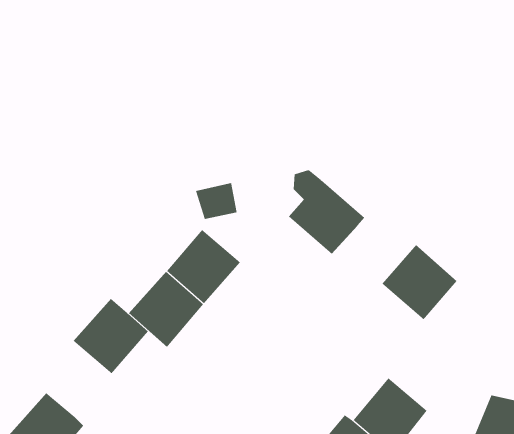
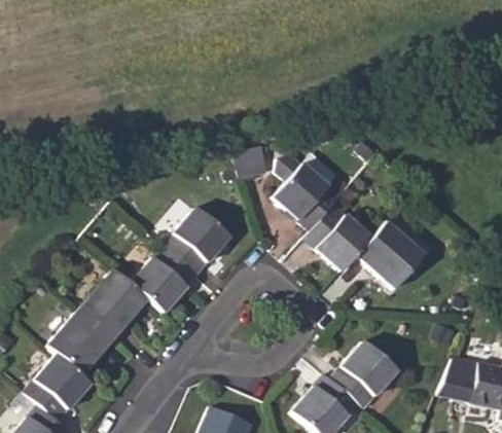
building: [195,183,238,219] -> [234,145,272,178]
building: none -> [306,204,373,272]
building: none -> [48,306,116,374]

